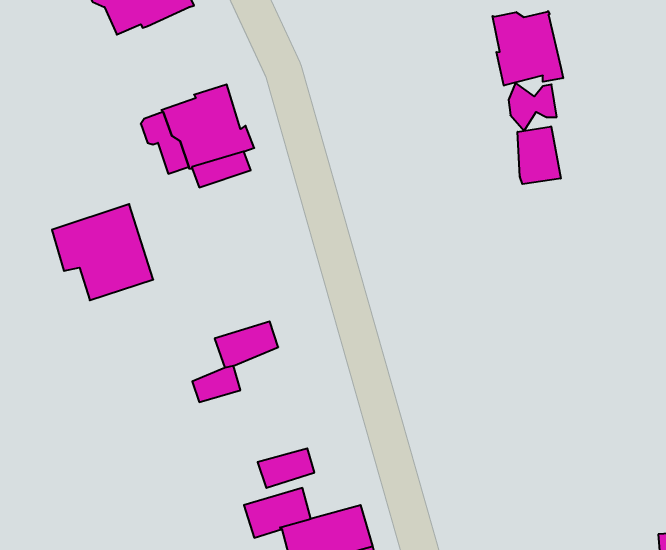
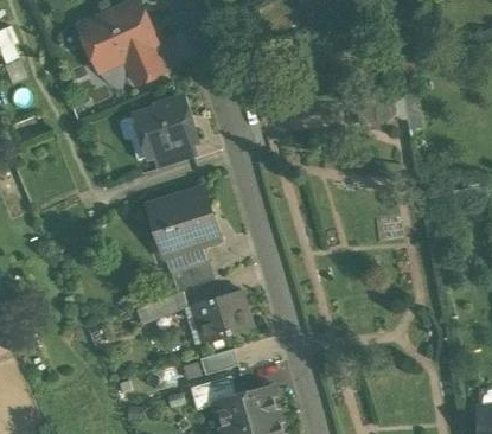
building: none -> [124,43,164,81]
building: [493,11,563,86] -> none
building: [518,126,561,184] -> none
building: [52,204,153,300] -> [149,186,219,253]
building: none -> [194,289,254,339]

